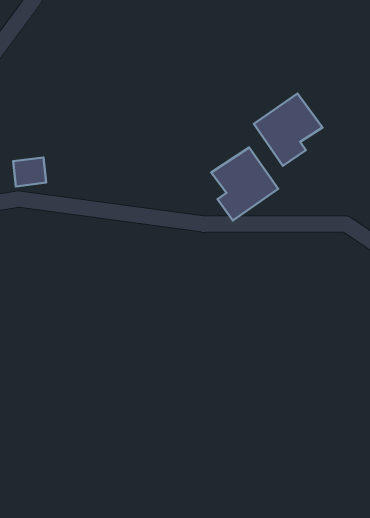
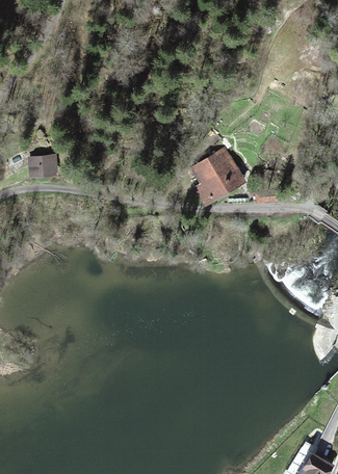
building: [254,93,322,166] -> none

